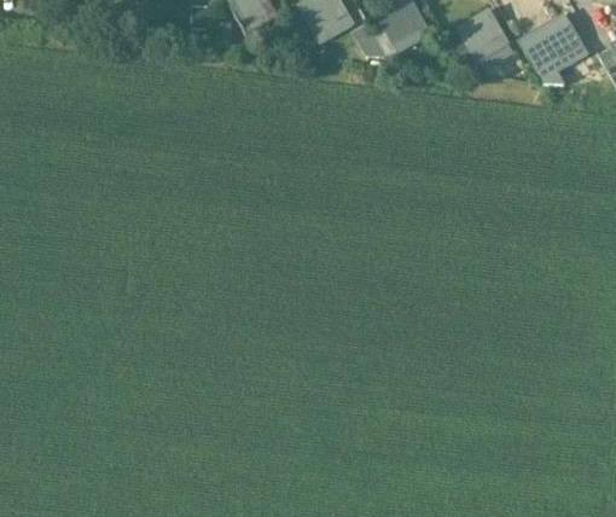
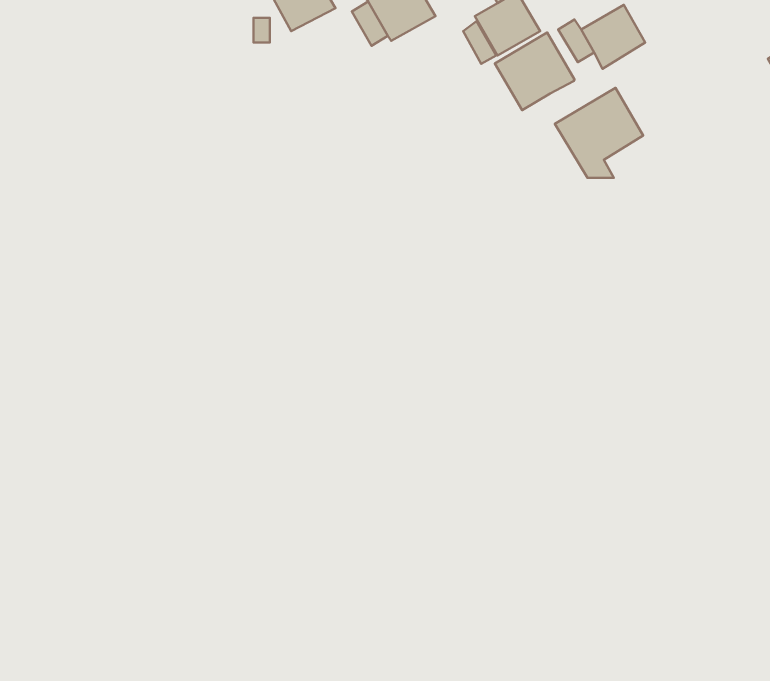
building: [521,16,586,82] -> [555,88,643,178]
building: none -> [495,33,575,110]

